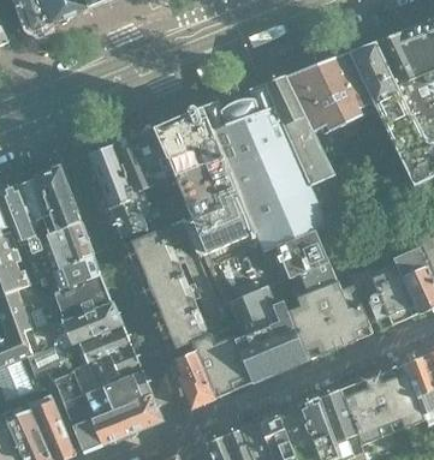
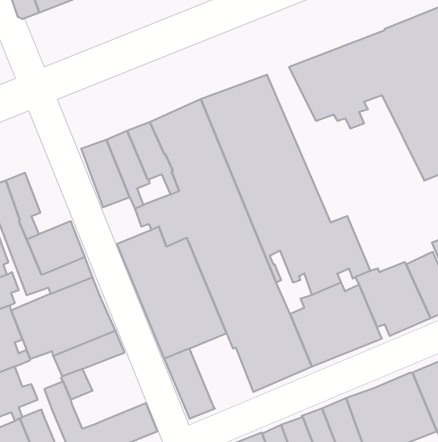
building: [266,76,353,222] -> none
building: [36,166,81,233] -> none
building: [111,198,148,237] -> none
building: [192,327,252,396] -> none
building: [28,343,73,380] -> none
building: [91,345,141,381] -> none
building: [82,370,151,417] -> none

